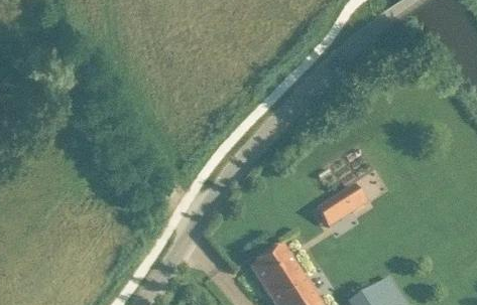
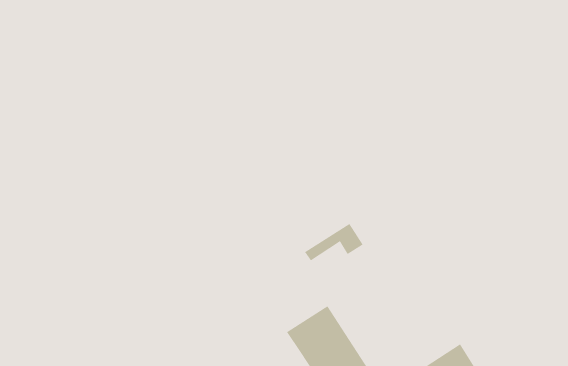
building: [318,183,365,213] -> [304,223,364,261]

